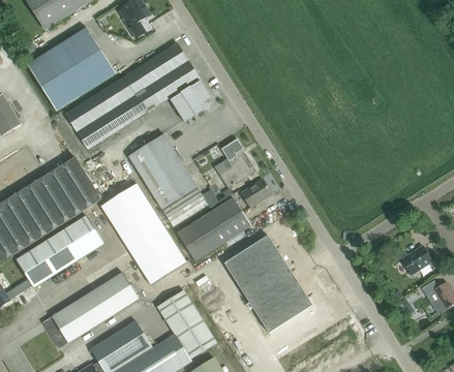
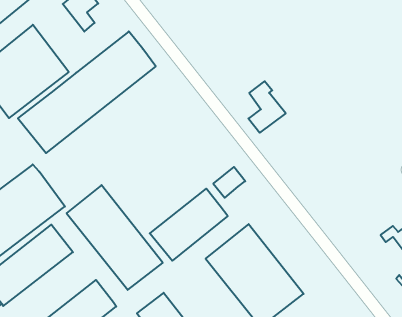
building: [170,80,210,121] -> none
building: [127,132,207,225] -> none
building: [218,138,253,186] -> [248,81,286,133]

